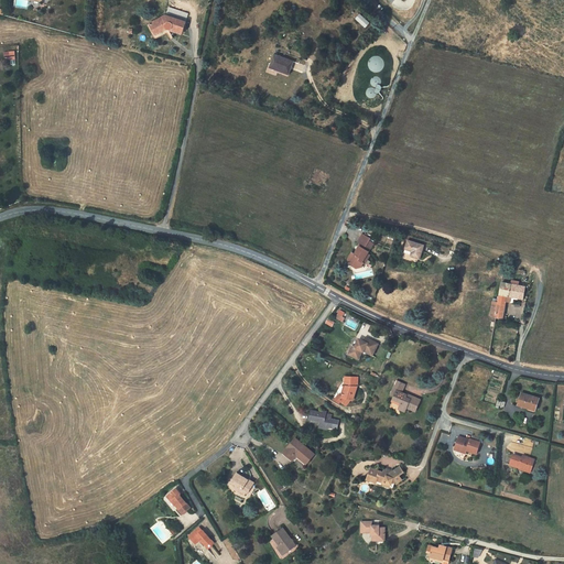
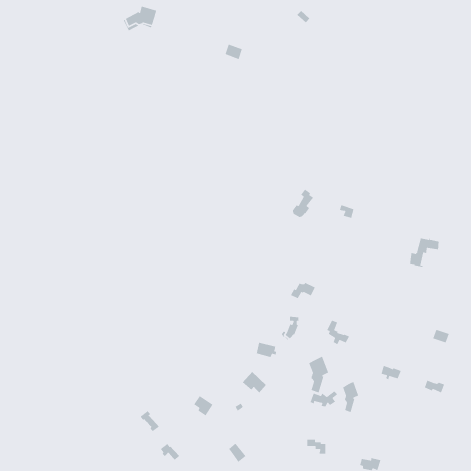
building: none -> [308,356,329,394]
building: none -> [342,381,359,413]

